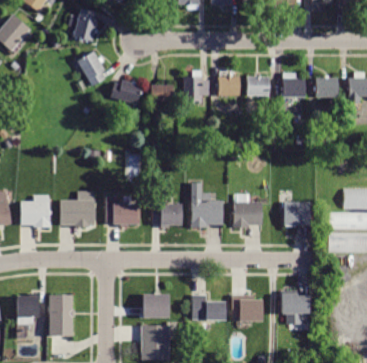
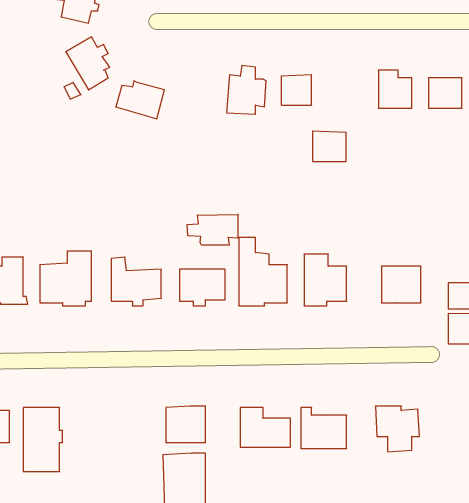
building: [247,75,269,95] -> [313,131,346,161]
building: [151,84,174,102] -> none
building: none -> [187,214,238,245]

